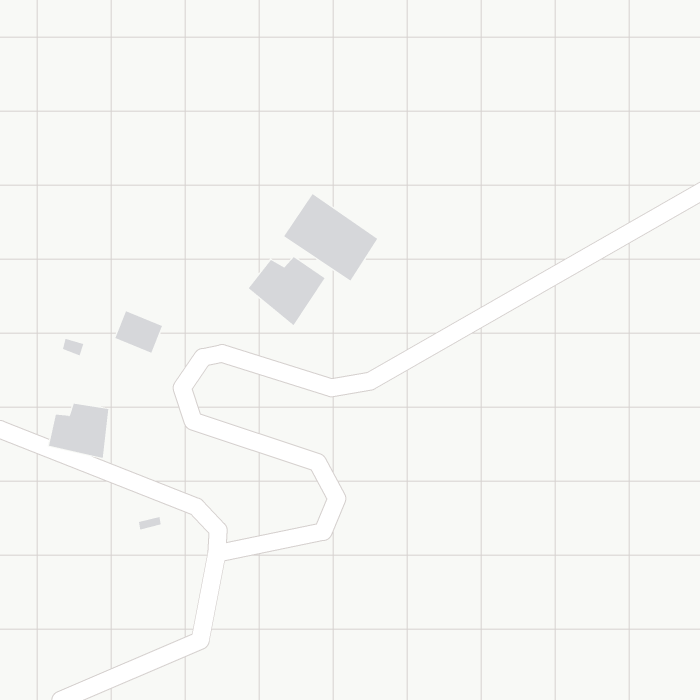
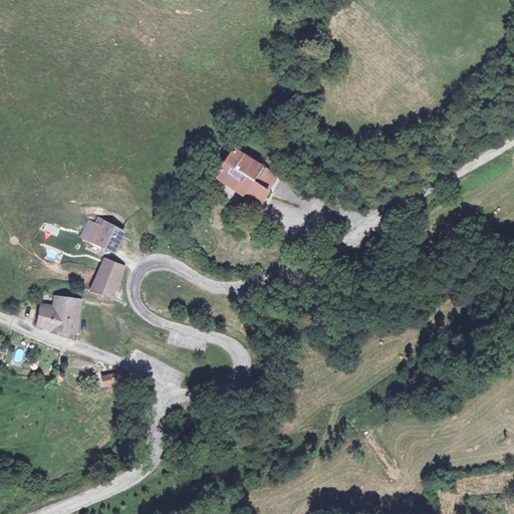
building: [248,256,326,326] -> none
building: none -> [88,261,122,298]

